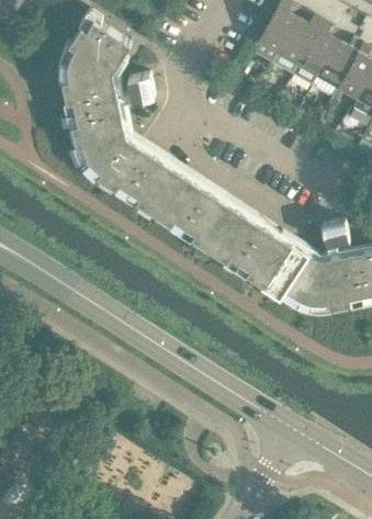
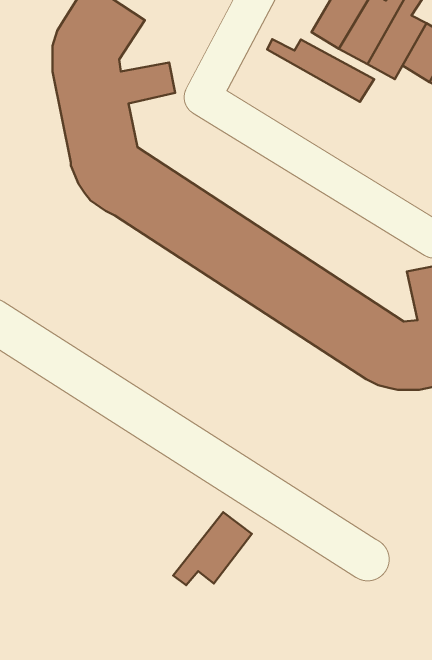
building: none -> [267,39,374,102]
building: none -> [173,512,252,585]

